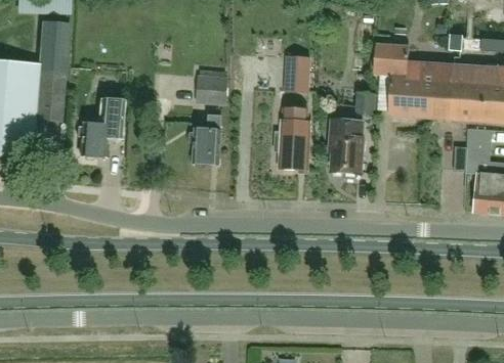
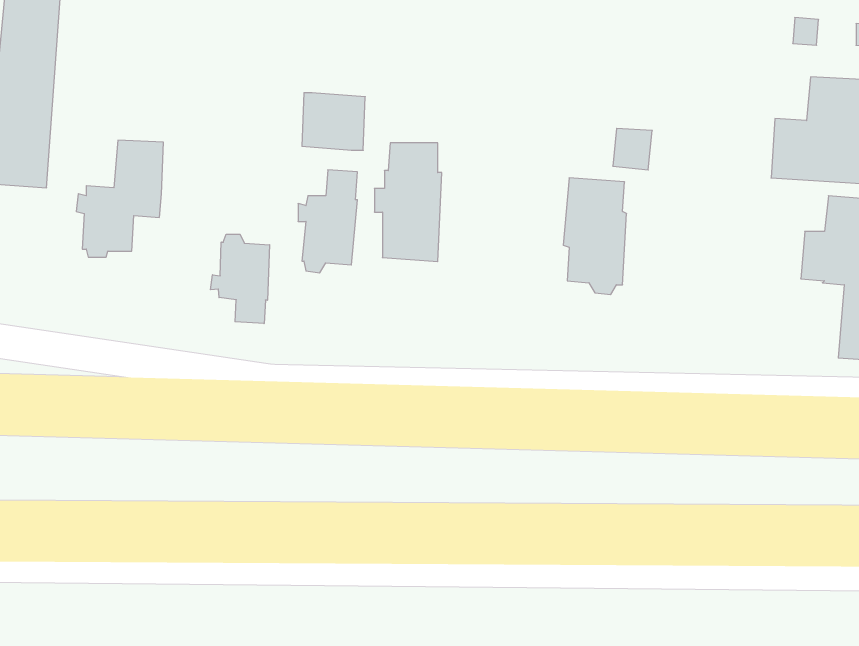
building: [374,43,458,118] -> none
building: [286,55,311,91] -> none
building: [275,106,309,168] -> [374,143,442,262]
building: none -> [210,234,270,324]

